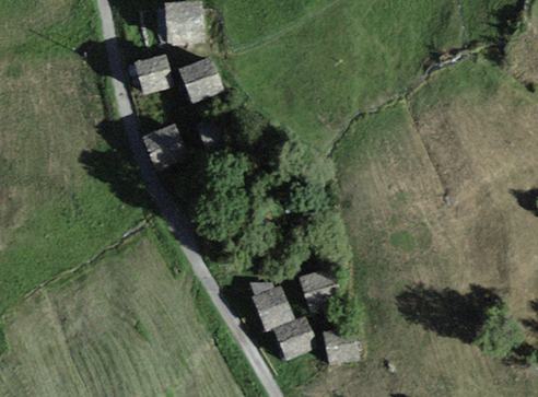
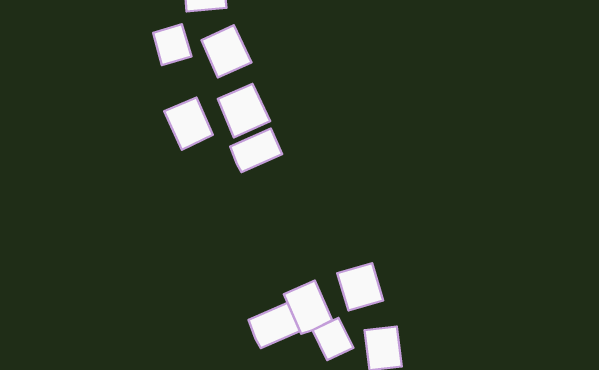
building: none -> [230,128,282,172]
building: none -> [248,303,300,348]

